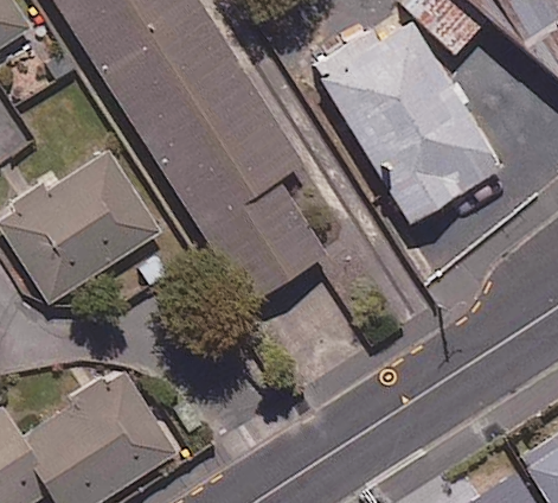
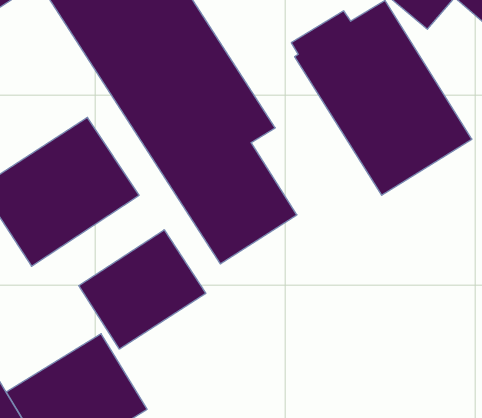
building: none -> [79,230,206,349]

